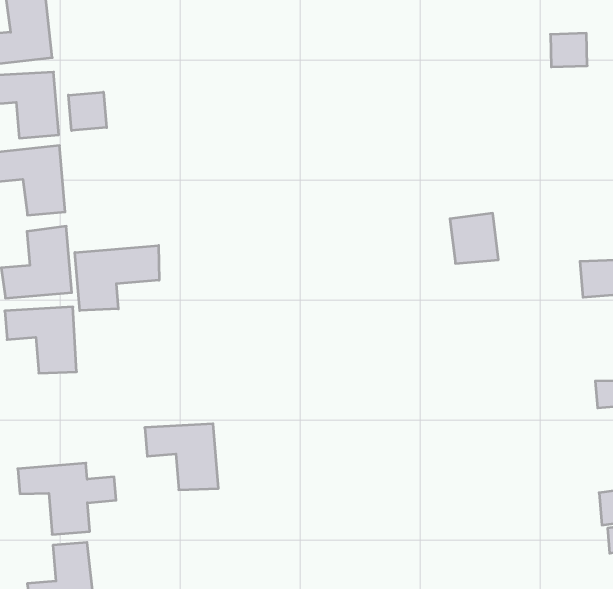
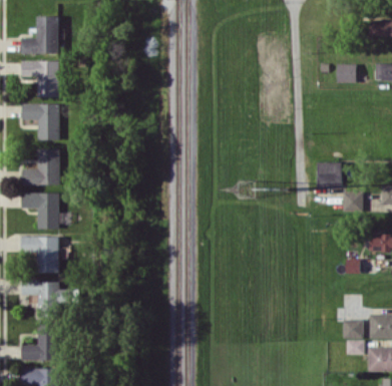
building: [68,92,107,131] -> none
building: [450,213,498,263] -> [317,162,342,188]
building: [75,245,159,311] -> none
building: [145,424,218,490] -> [21,237,59,274]

